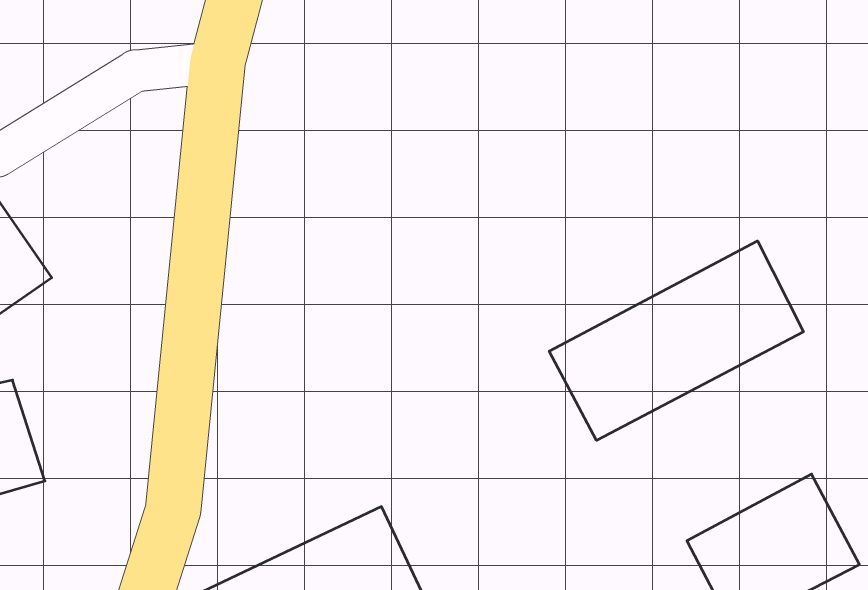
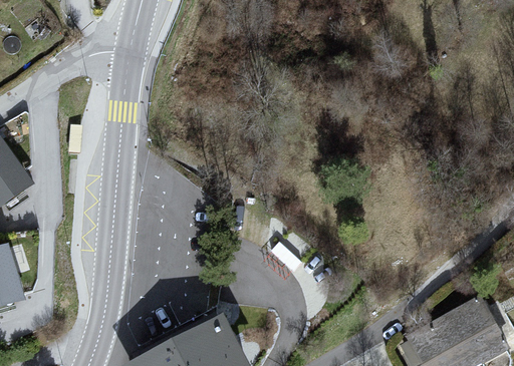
building: [549,241,803,440] -> none

